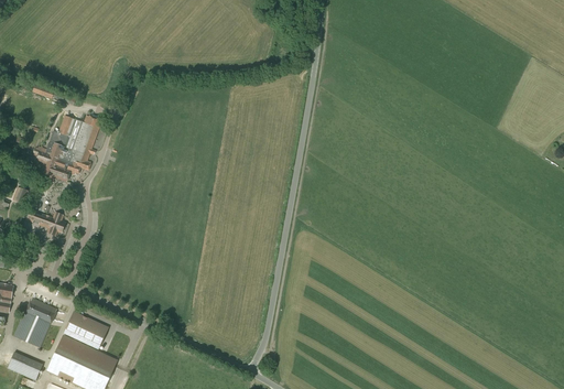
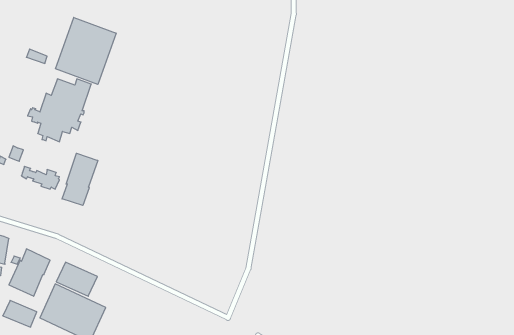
building: none -> [55,17,116,84]
building: none -> [62,153,98,205]

